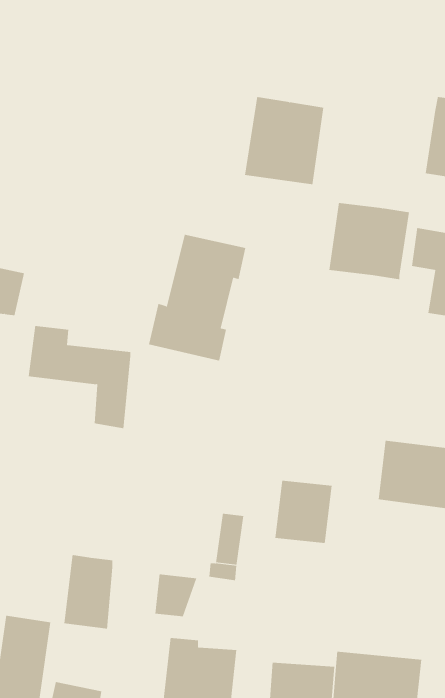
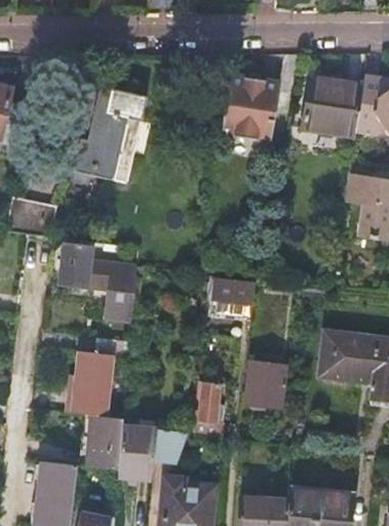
building: [329,202,410,280] -> [302,78,362,136]
building: [148,234,246,361] -> [74,87,147,182]
building: none -> [215,279,254,305]
building: none -> [66,340,130,418]
building: none -> [119,425,157,480]

